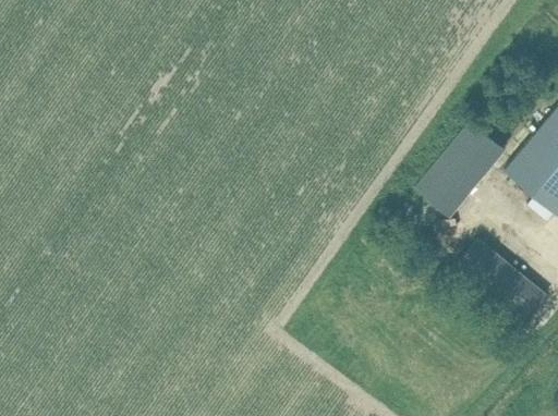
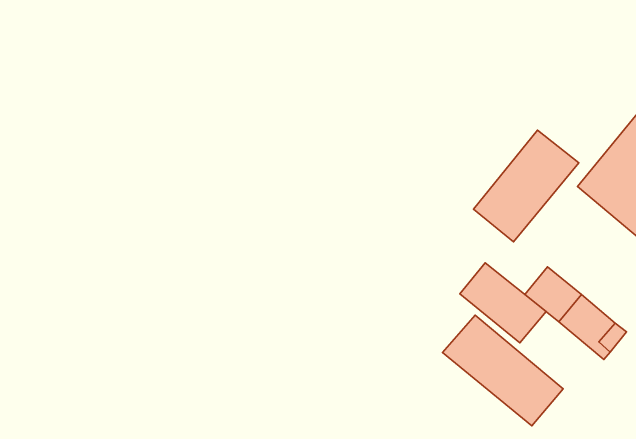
building: none -> [460,263,546,343]
building: none -> [443,315,563,426]

